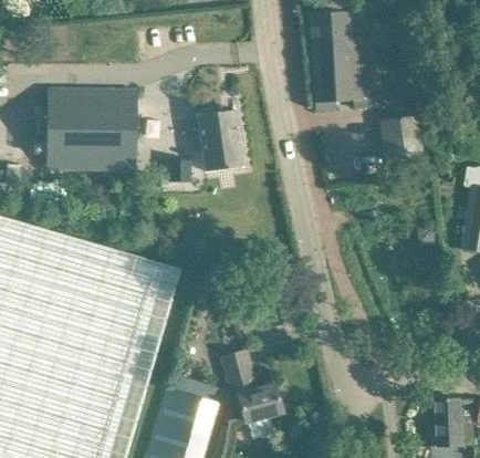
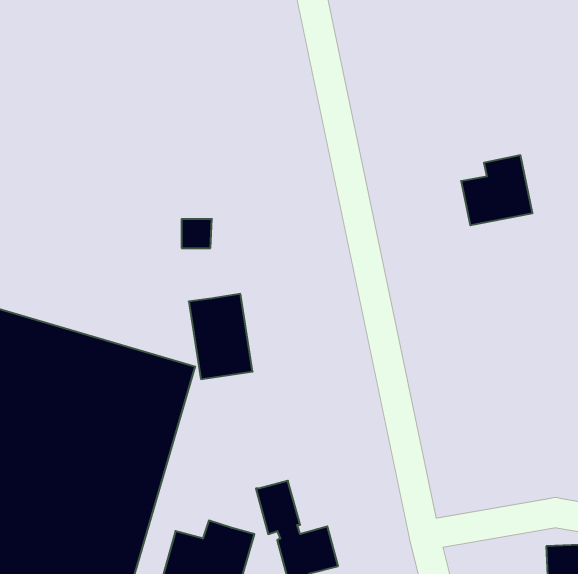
building: [312,11,378,111] -> none
building: [48,90,137,170] -> none
building: [199,110,246,171] -> [189,294,253,379]

